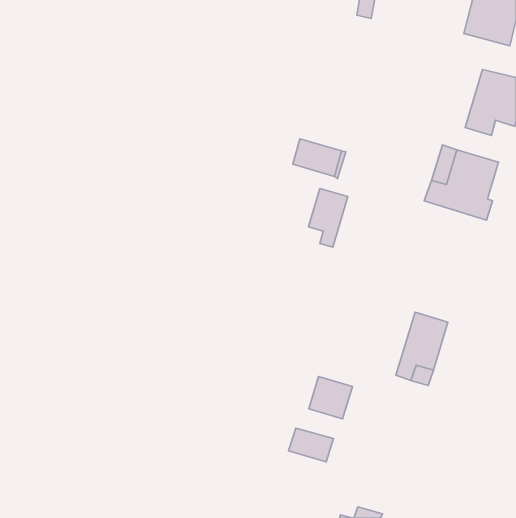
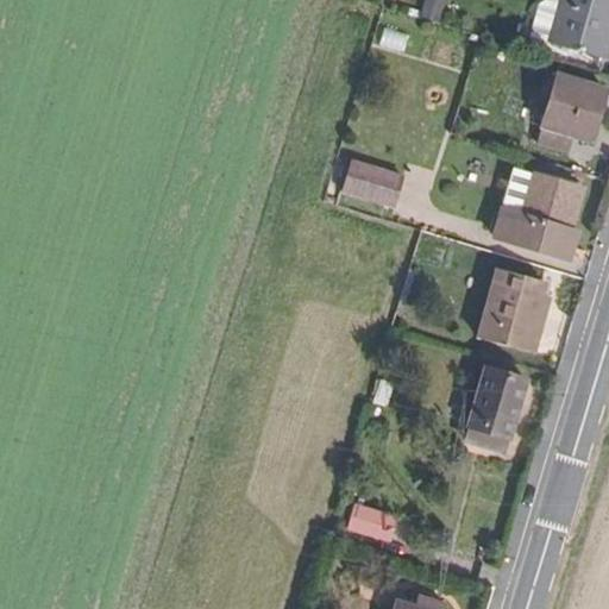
building: [308,188,348,247] -> none
building: none -> [479,263,553,351]
building: [309,377,352,419] -> none

